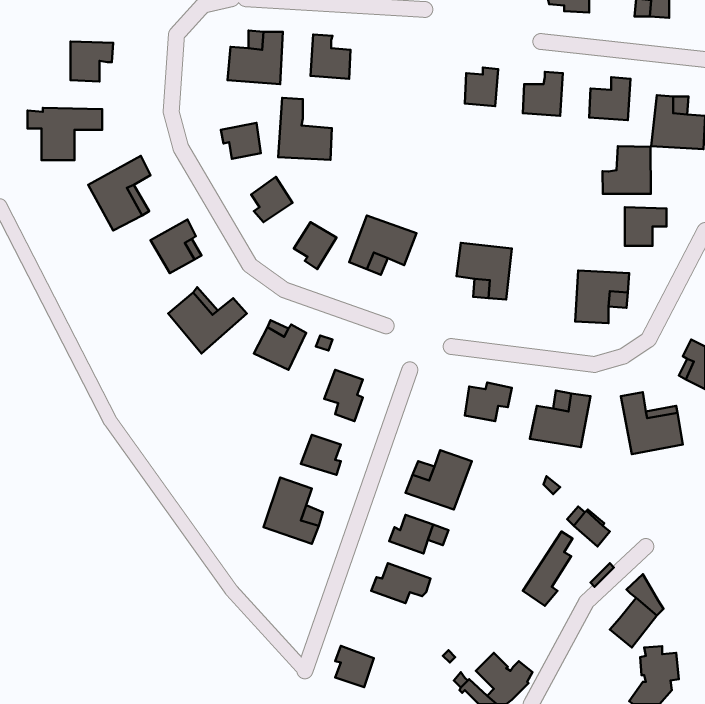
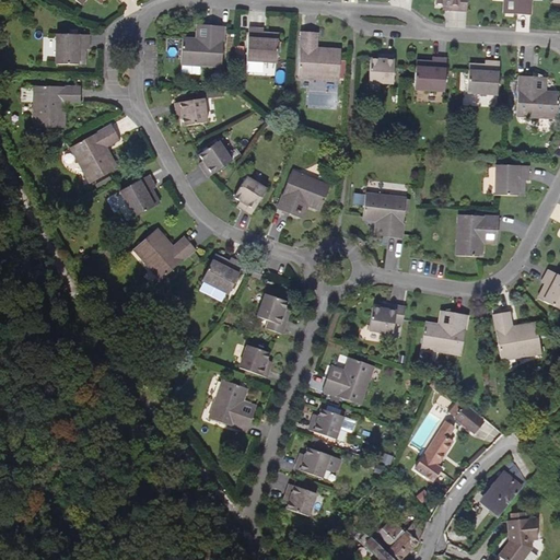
building: [278,98,332,160] -> [298,31,340,80]
building: [602,146,651,194] -> none
building: [335,646,374,687] -> [285,482,316,515]

